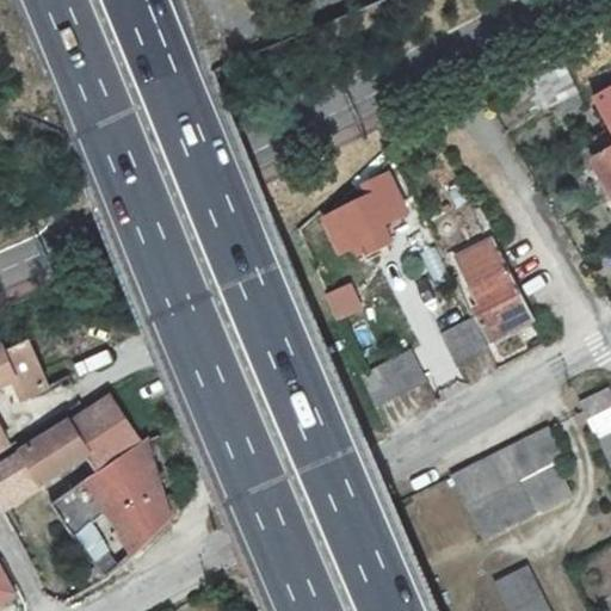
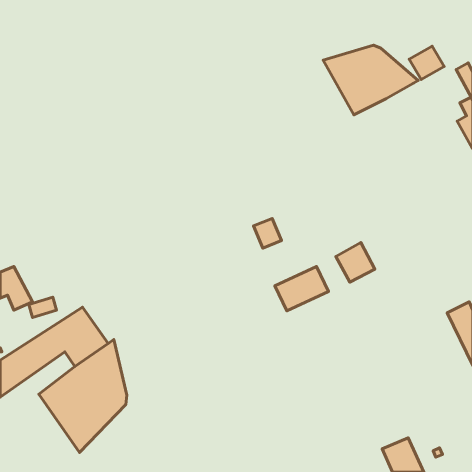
building: none -> [323,45,418,115]
building: [322,178,408,257] -> none
building: [452,233,532,339] -> none
building: [456,425,573,533] -> none

